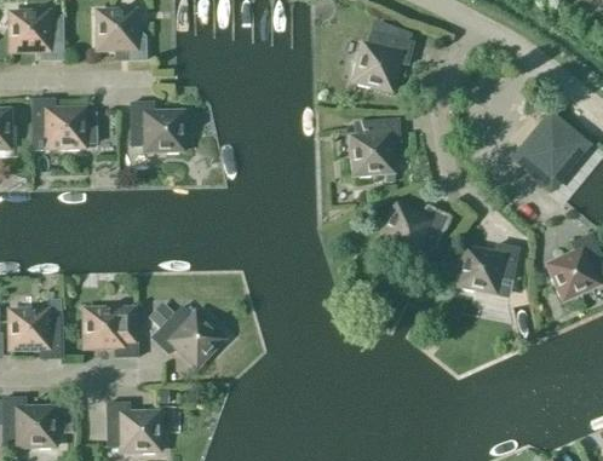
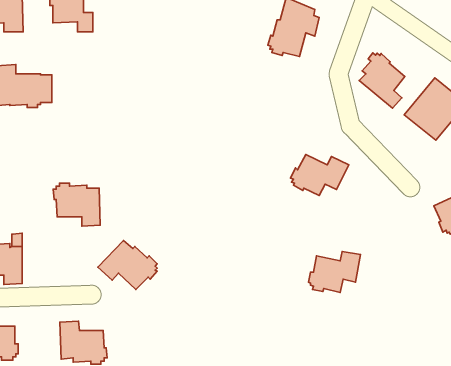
building: none -> [359,53,405,108]
building: [130,100,185,151] -> none
building: [350,117,400,175] -> none
building: [456,242,518,290] -> [308,252,361,292]
building: [81,305,137,356] -> [53,183,100,226]

